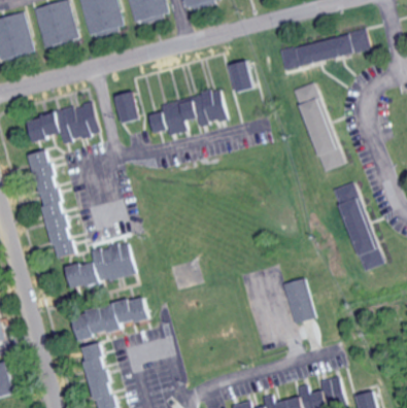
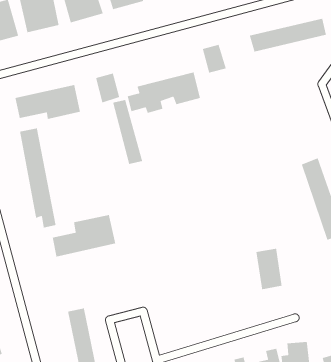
building: [292,81,342,171] -> none
building: none -> [112,99,143,165]
building: [71,295,150,340] -> none

